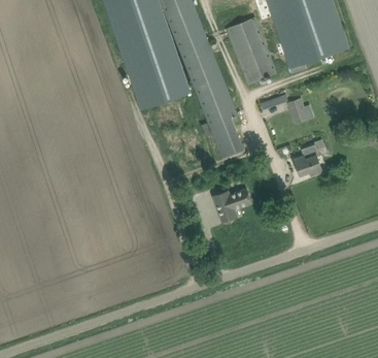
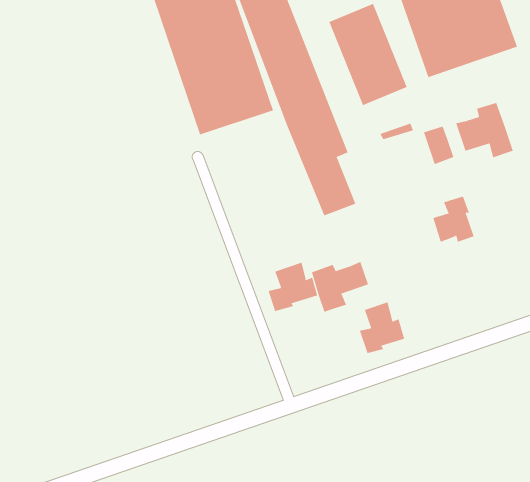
building: none -> [456,102,514,158]
building: none -> [268,262,318,312]
building: none -> [359,302,405,354]

